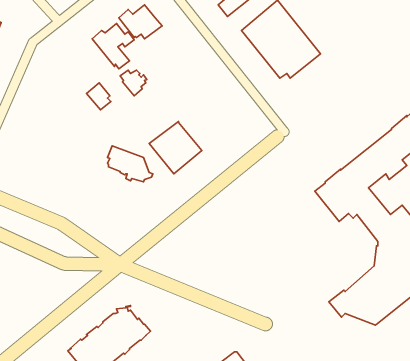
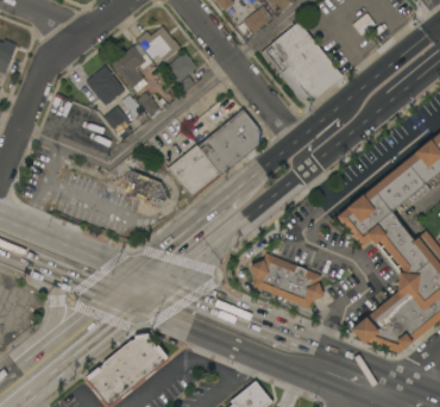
building: none -> [164,51,196,83]
building: none -> [84,65,142,119]
building: none -> [196,109,260,175]
building: none -> [249,253,323,309]

